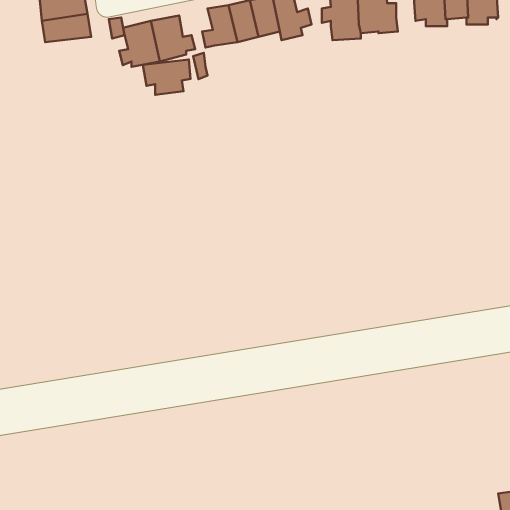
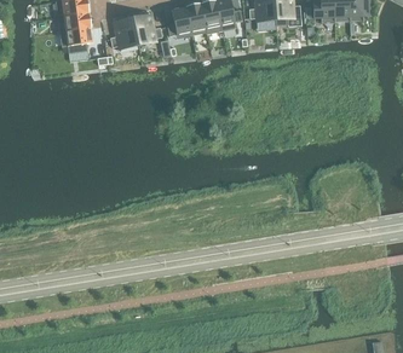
building: [143,59,191,95] -> [59,28,92,52]

